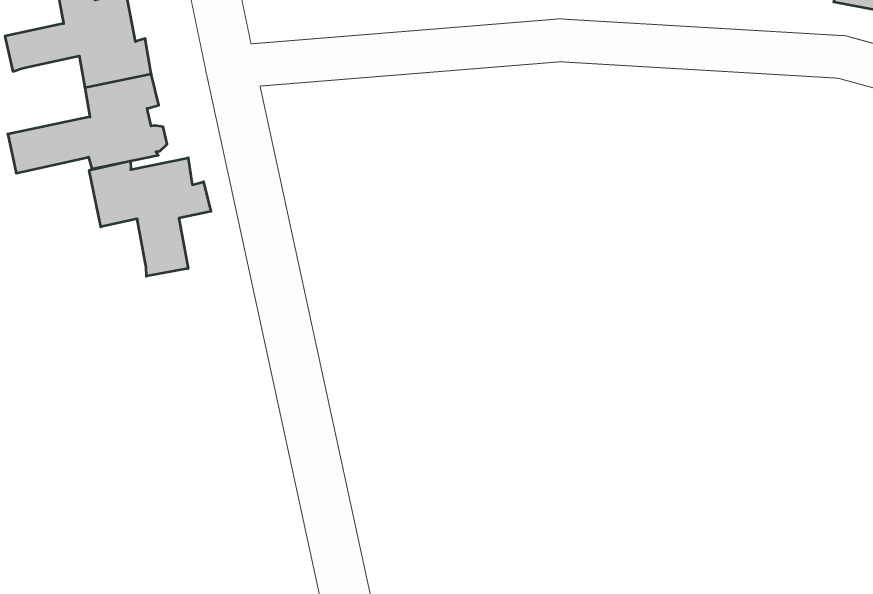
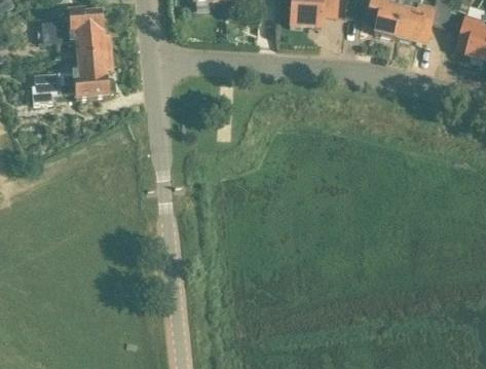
building: [89,158,211,276] -> none

